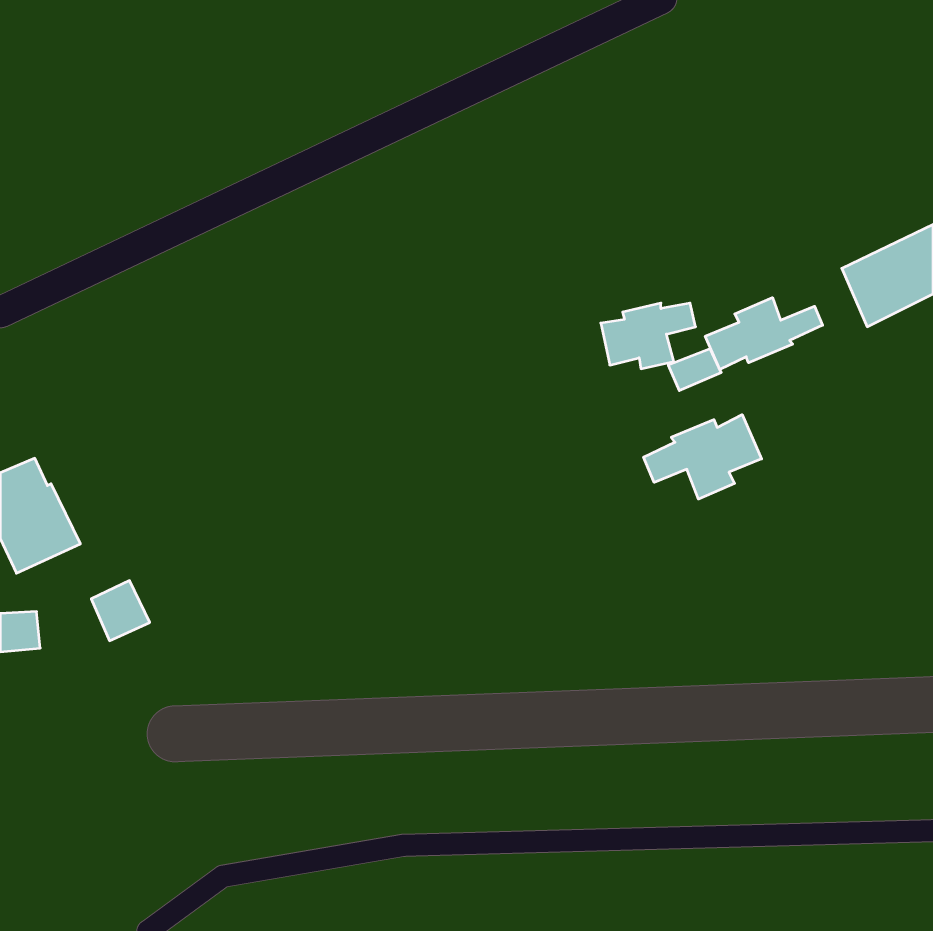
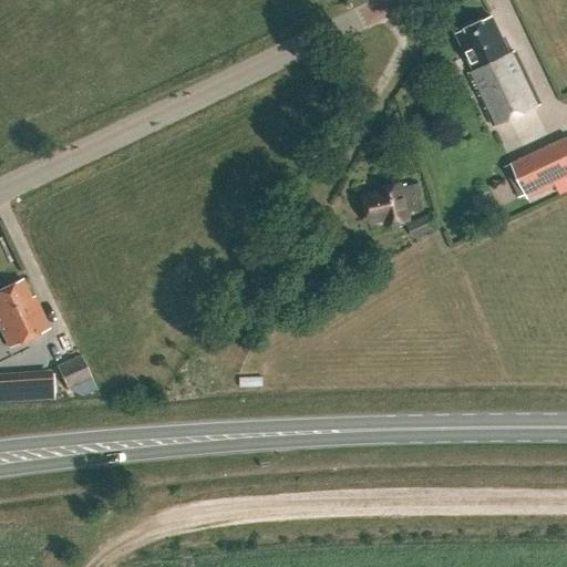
building: none -> [457,17,540,126]
building: [705,298,823,370] -> none
building: [644,415,762,499] -> none

